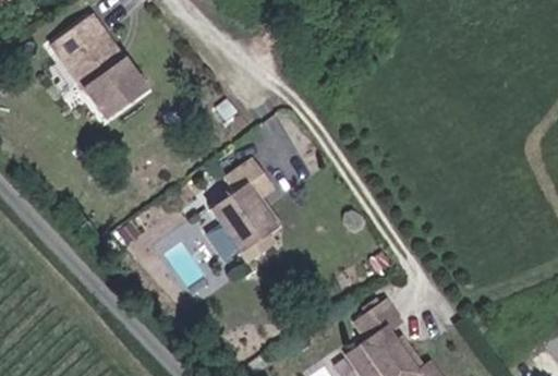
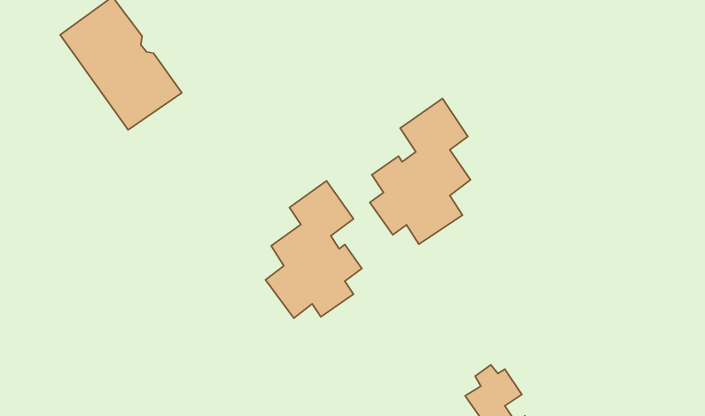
building: none -> [370,99,471,244]

